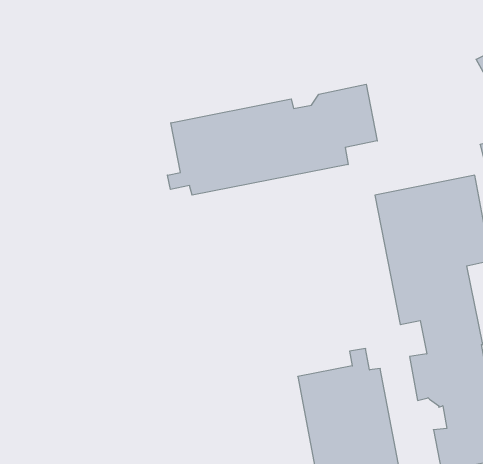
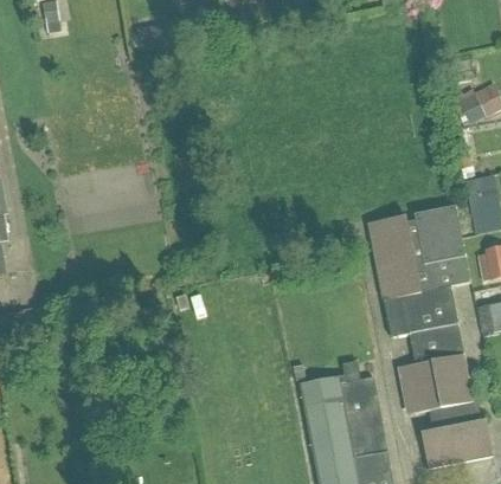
building: [167,84,377,195] -> none

